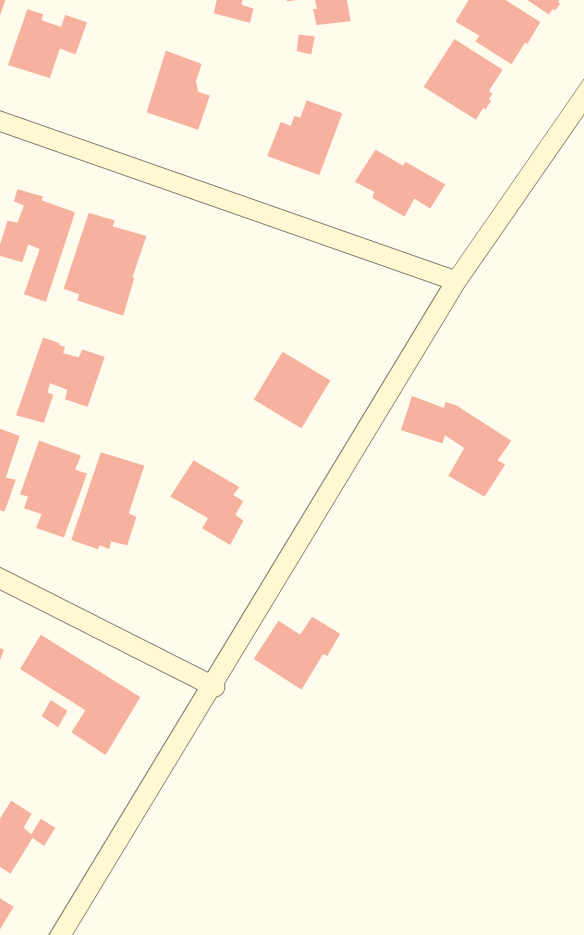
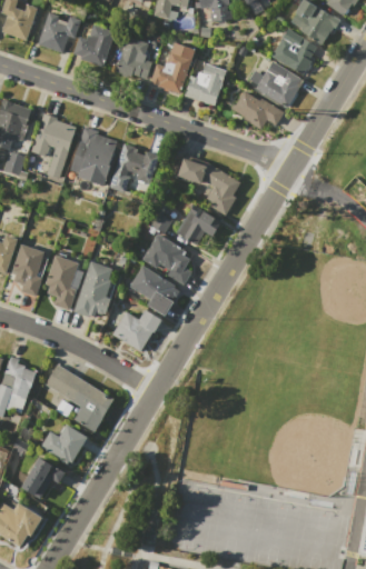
building: none -> [73,24,113,67]
building: none -> [150,42,196,94]
building: none -> [248,61,303,108]
building: [15,337,106,424] -> [109,143,160,192]
building: [400,395,513,498] -> [177,157,240,214]
building: none -> [141,233,191,284]
building: [252,616,341,691] -> [112,309,162,351]
building: none -> [40,425,87,465]

